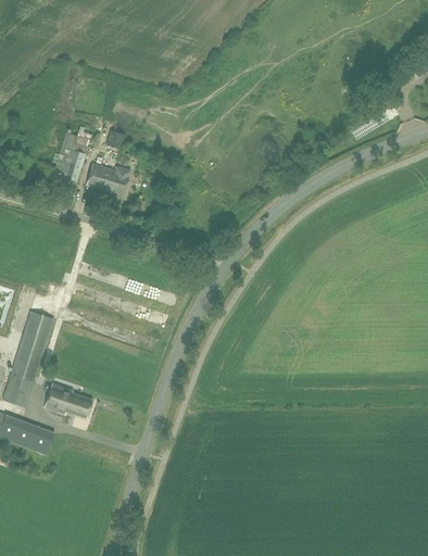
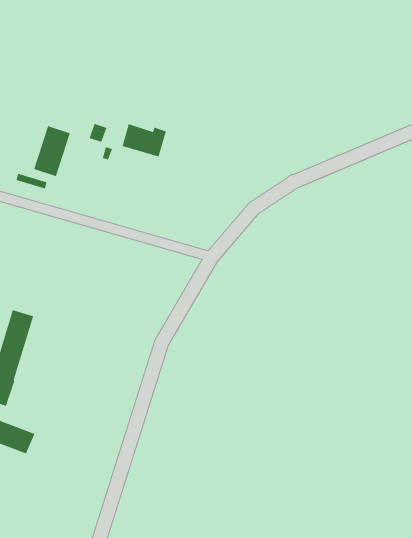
building: [86,162,130,195] -> [122,123,167,158]
building: [43,382,92,417] -> none

